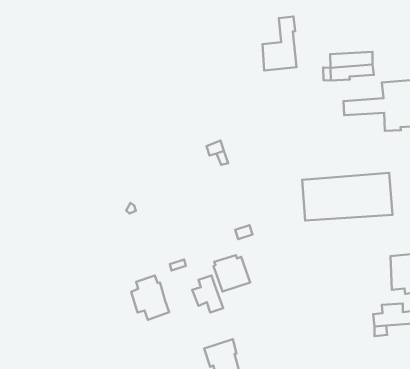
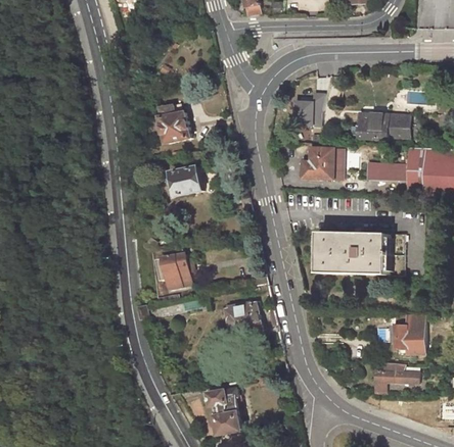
building: none -> [150,104,188,143]
building: none -> [302,148,343,180]
building: none -> [170,166,202,196]
building: [192,276,223,313] -> none
building: [131,276,169,320] -> [154,247,189,289]

